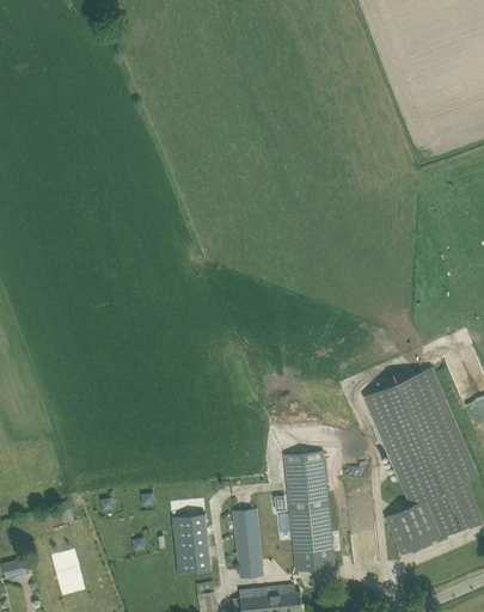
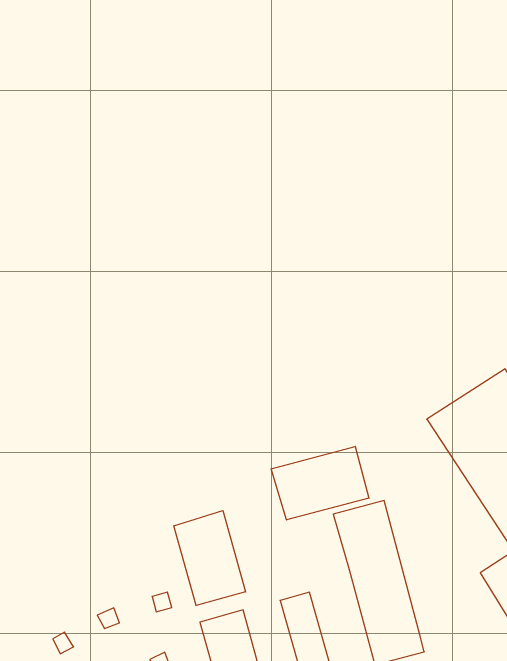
building: none -> [271,446,369,520]
building: none -> [174,511,246,606]

